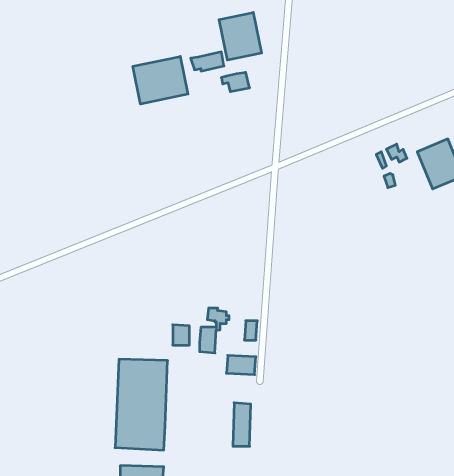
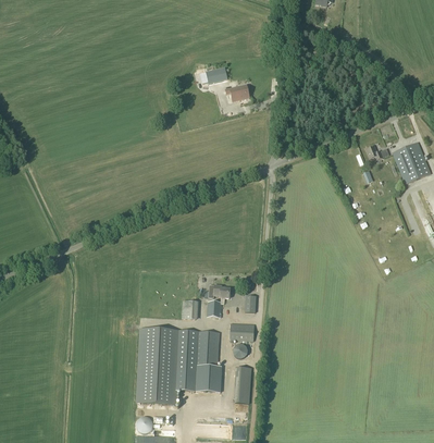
building: [219,12,262,60] -> none
building: [133,56,188,104] -> none
building: none -> [178,330,223,393]

